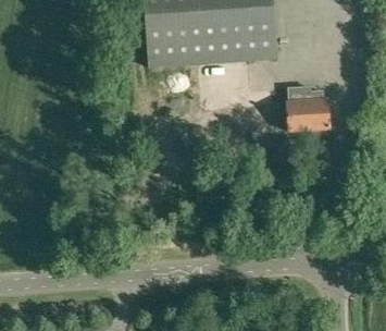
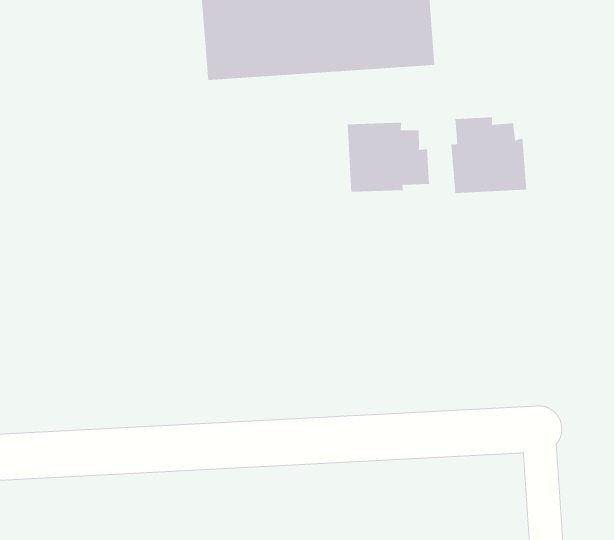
building: none -> [347,122,429,192]

